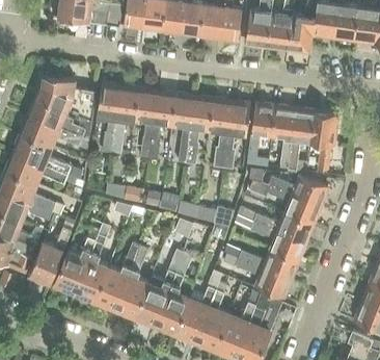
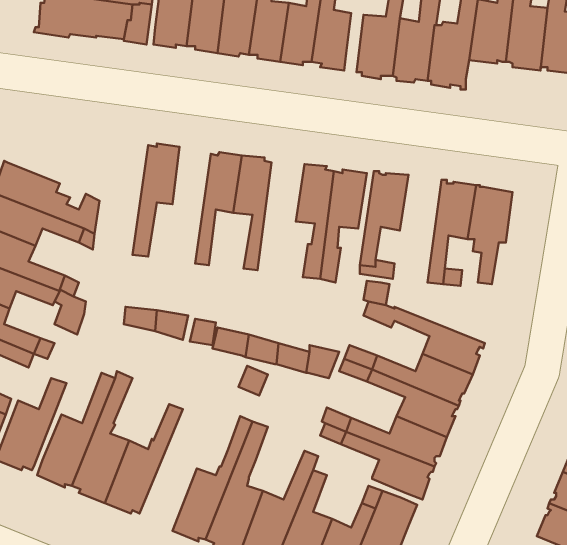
building: [36,73,96,121] -> none
building: [97,83,120,153] -> none
building: [135,88,158,158] -> none
building: [186,97,214,164] -> none
building: [271,105,296,170] -> none
building: [268,175,329,206] -> none
building: [115,246,150,318] -> none

